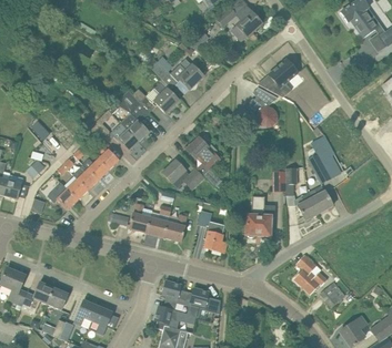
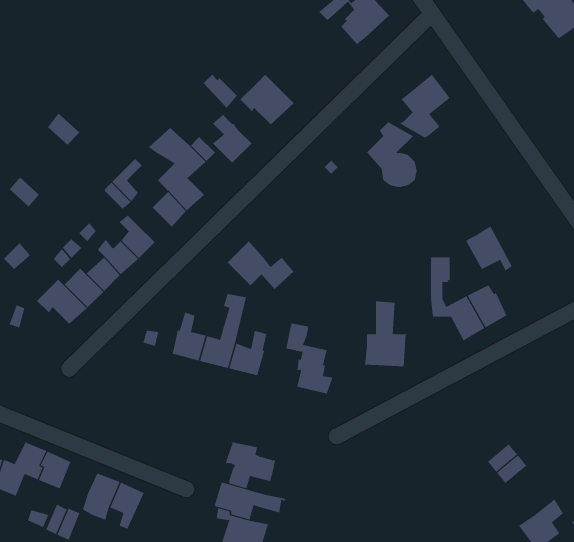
building: [187,136,220,168] -> none
building: [293,254,326,293] -> none
building: [187,287,220,315] -> none

